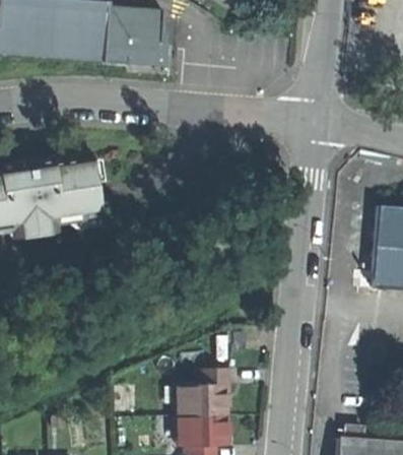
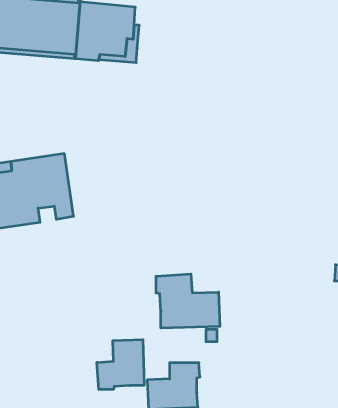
building: none -> [156,274,220,328]
building: none -> [97,340,144,389]

